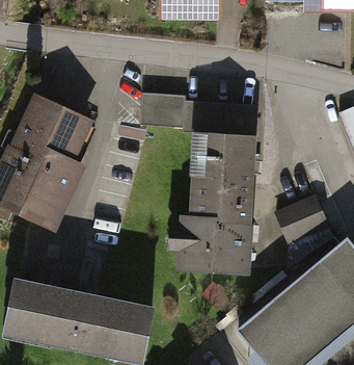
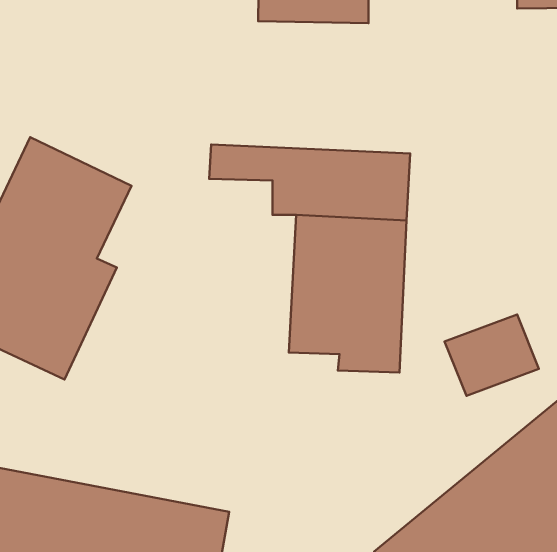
building: [163,215,248,280] -> none

